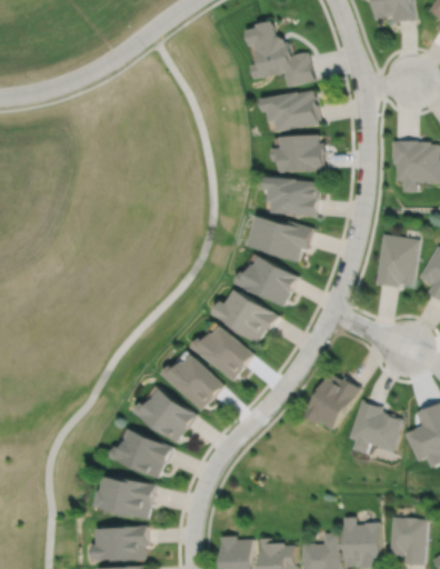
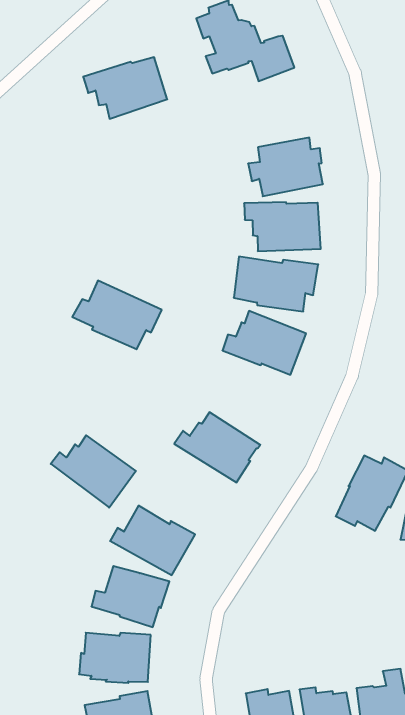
building: [260,89,320,130] -> [83,57,167,119]
building: [212,288,279,342] -> [72,281,162,349]
building: [161,355,223,410] -> [51,435,136,508]

